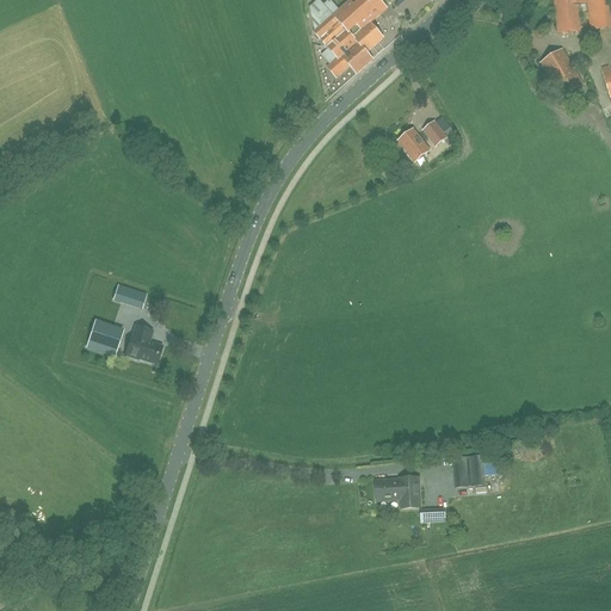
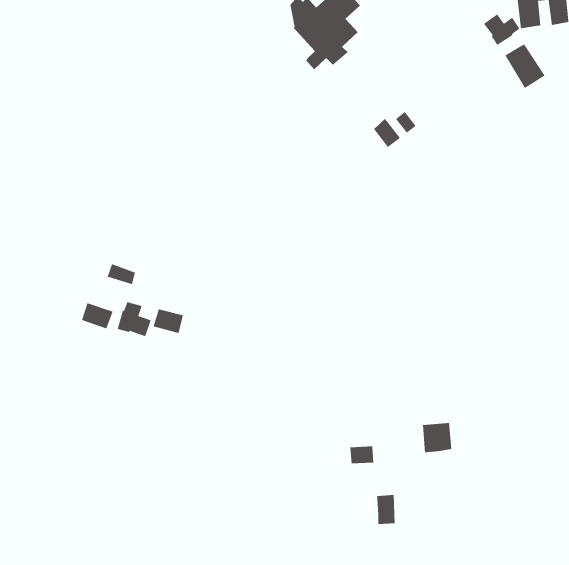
building: none -> [483,14,520,46]
building: none -> [153,308,183,334]
building: [400,475,420,507] -> [377,495,395,525]

